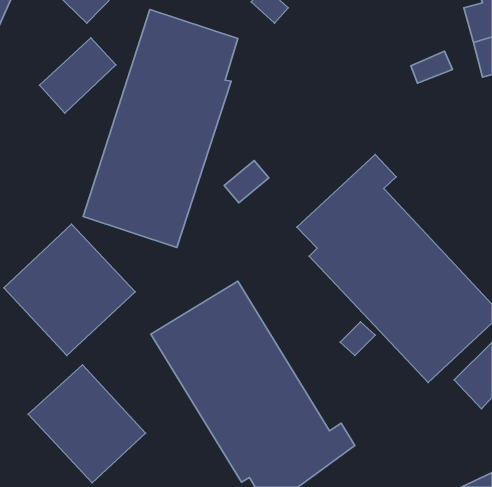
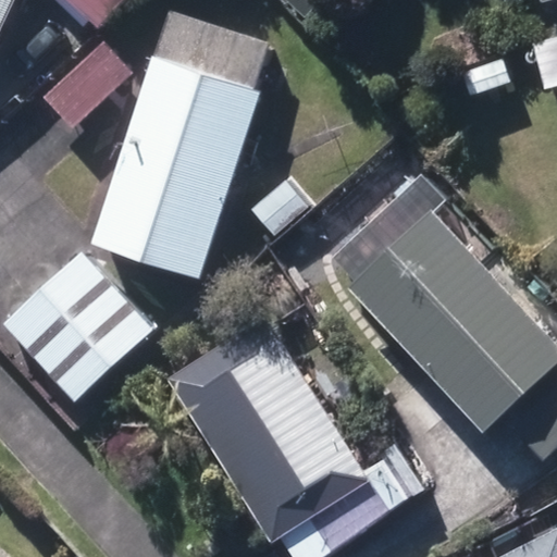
building: [28,365,145,483] -> none

